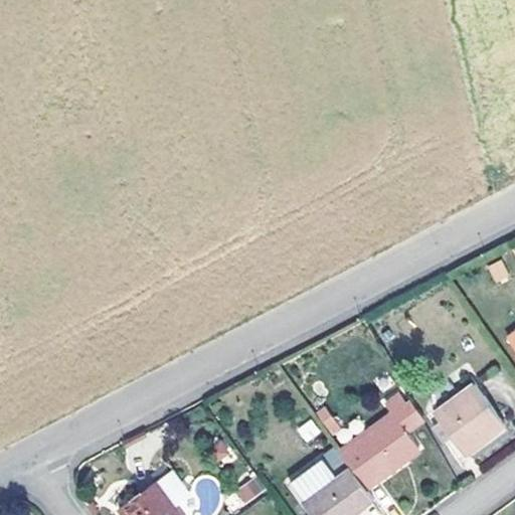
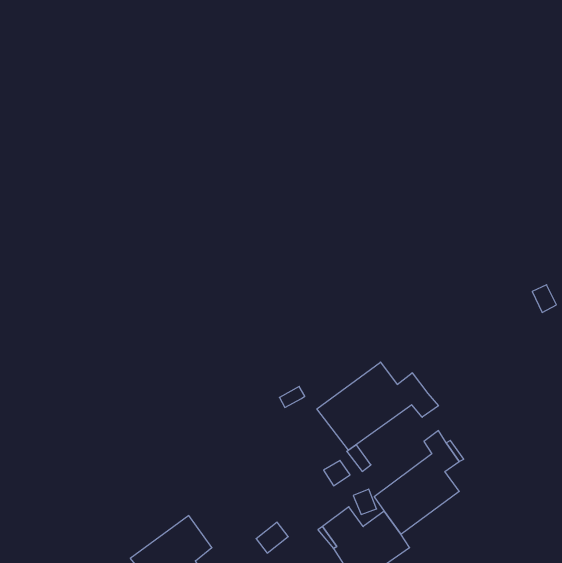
building: none -> [317,362,438,450]
building: [435,385,504,455] -> none

